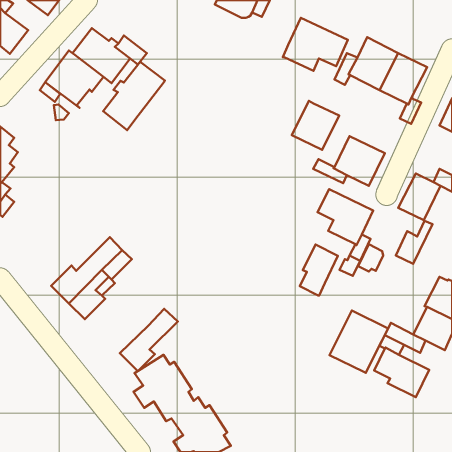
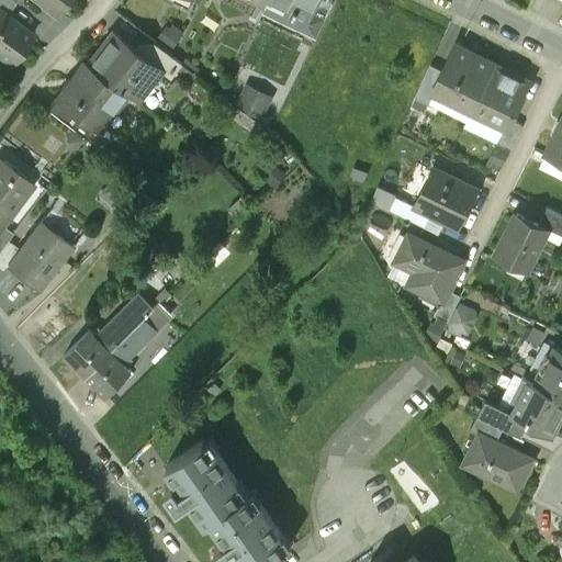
building: [283,18,348,71] -> none
building: [103,62,165,130] -> none
building: none -> [236,85,273,124]
building: [292,101,339,150] -> none
building: none -> [8,223,72,291]
building: [396,221,432,264] -> none
building: [300,245,338,295] -> none
building: [120,309,178,371] -> none
building: [329,311,388,373] -> none

